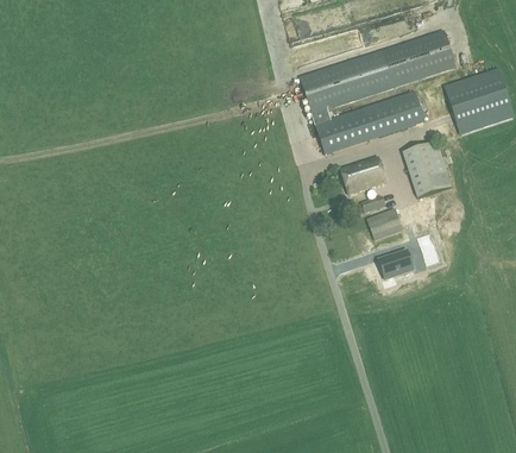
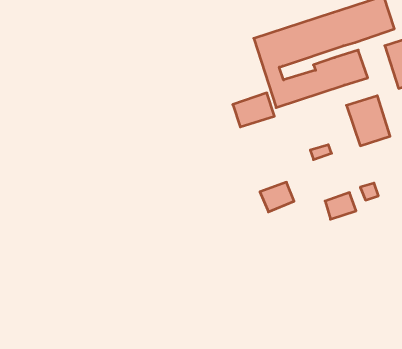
building: [339,155,385,193] -> [233,93,274,127]
building: [365,207,403,240] -> [260,182,294,212]

